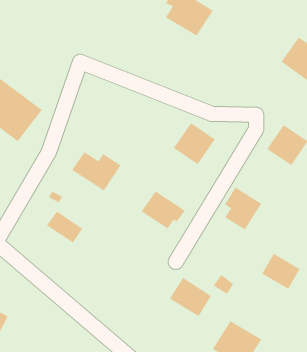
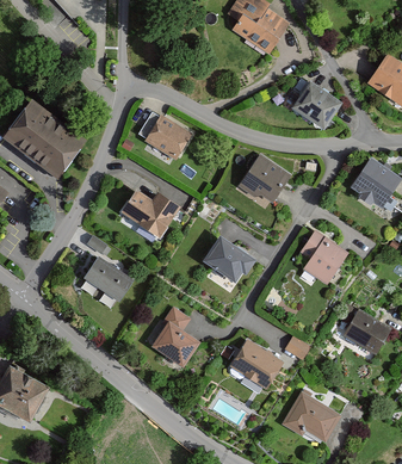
building: none -> [290,82,338,129]
building: none -> [144,116,190,159]
building: none -> [156,307,197,363]

